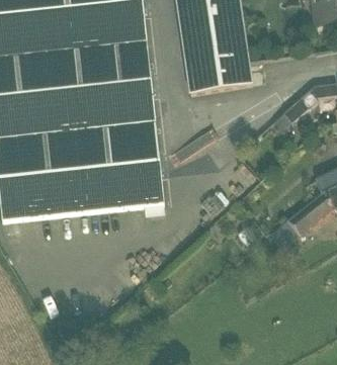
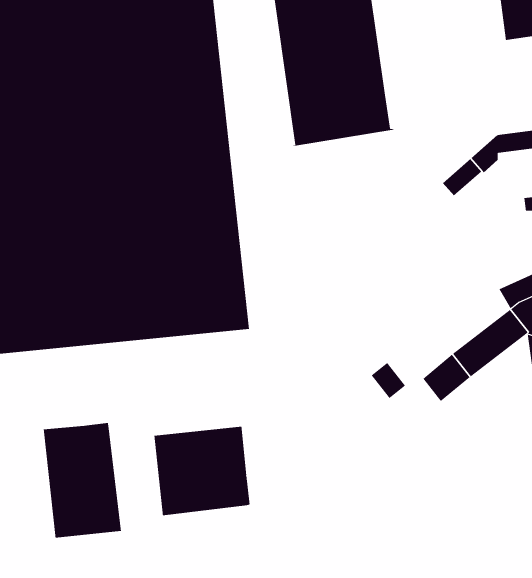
building: none -> [43,422,121,538]
building: none -> [154,426,250,516]

